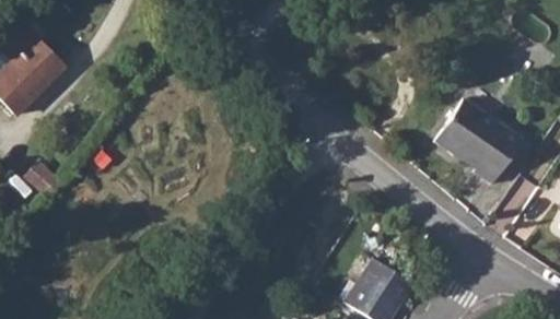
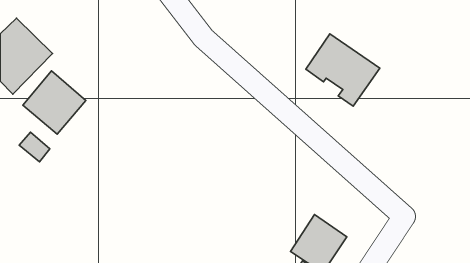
building: none -> [23,71,86,134]
building: [434,99,522,185] -> [306,34,380,106]

